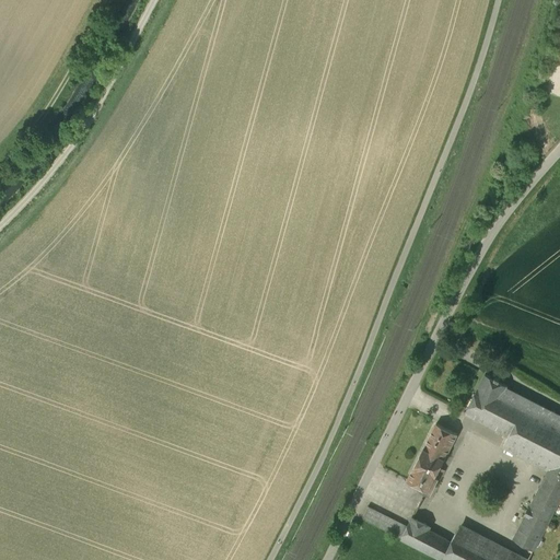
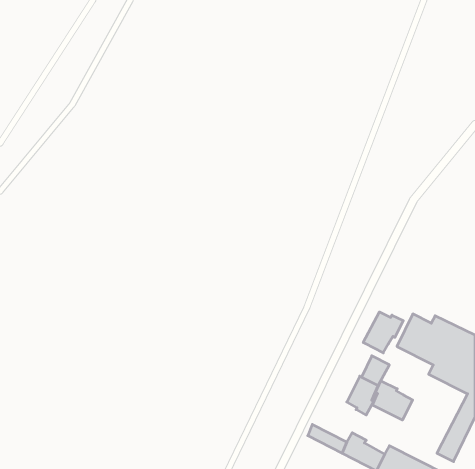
building: none -> [363,312,403,353]
building: none -> [372,381,413,420]

